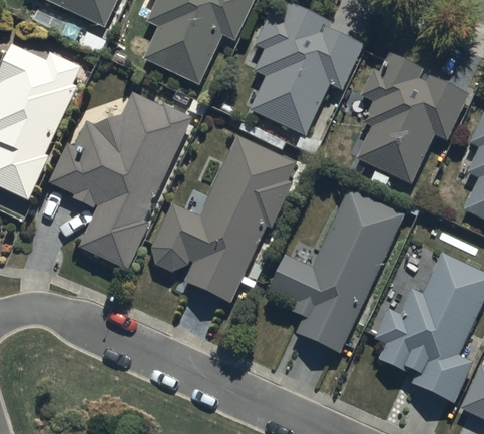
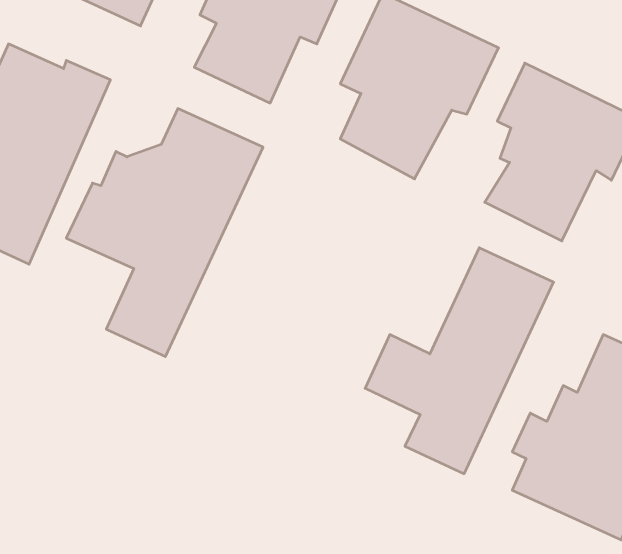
building: [145,135,297,303] -> none

